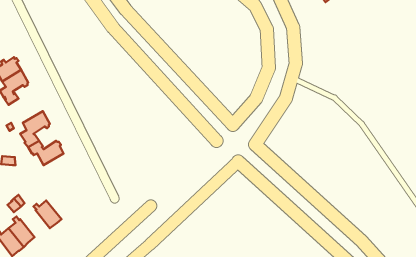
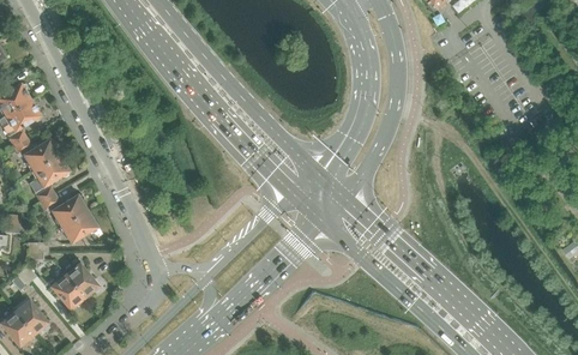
building: none -> [13,137,59,169]
building: none -> [60,210,97,242]
building: none -> [60,257,98,297]

